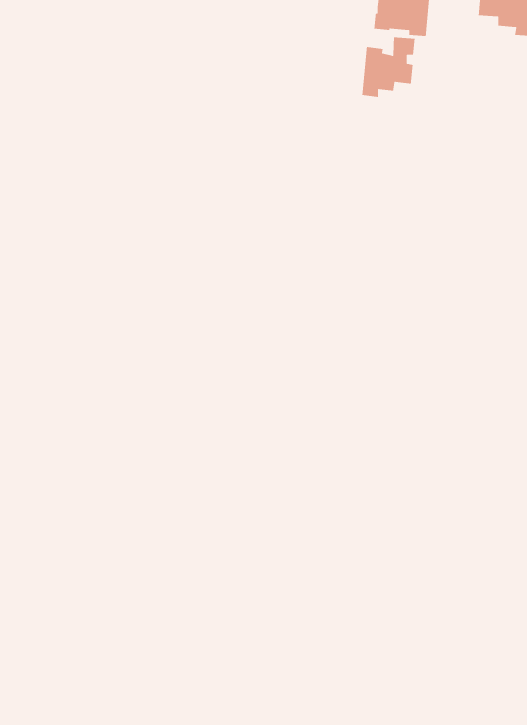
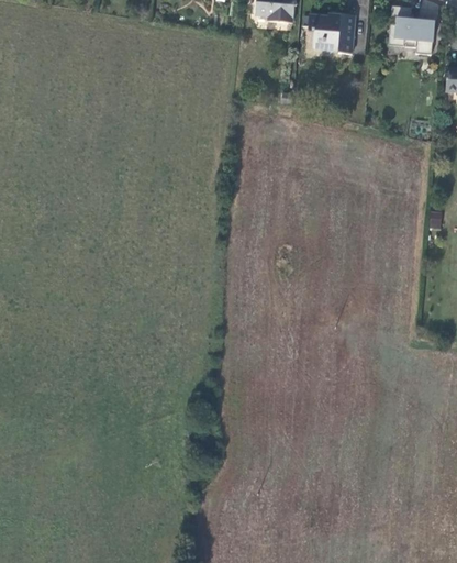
building: [361,36,416,98] -> none

